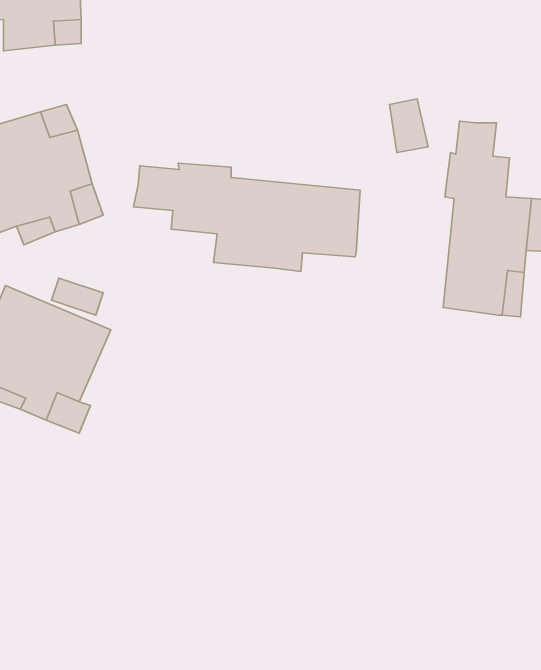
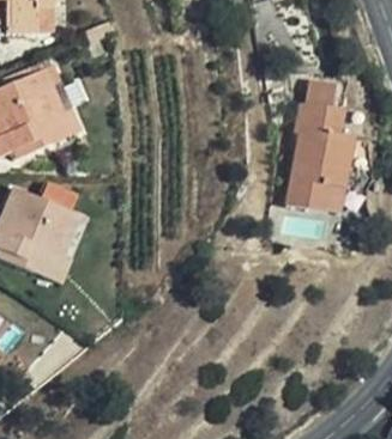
building: [133,163,360,271] -> none

